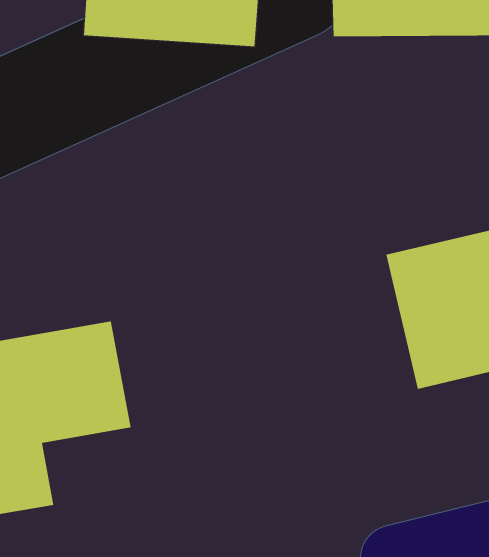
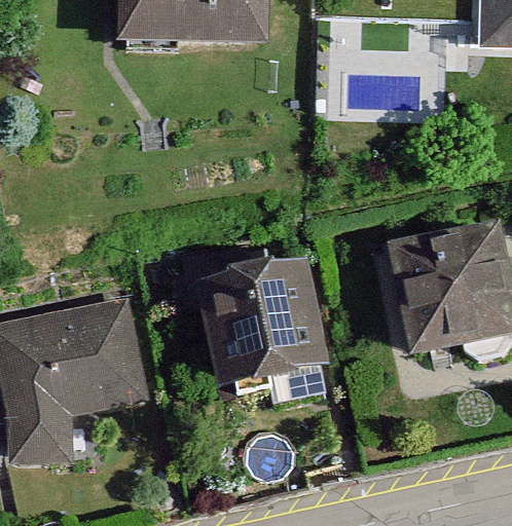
building: none -> [186,246,336,392]

